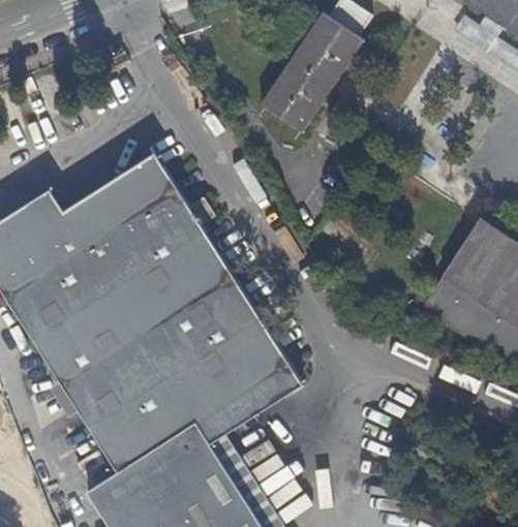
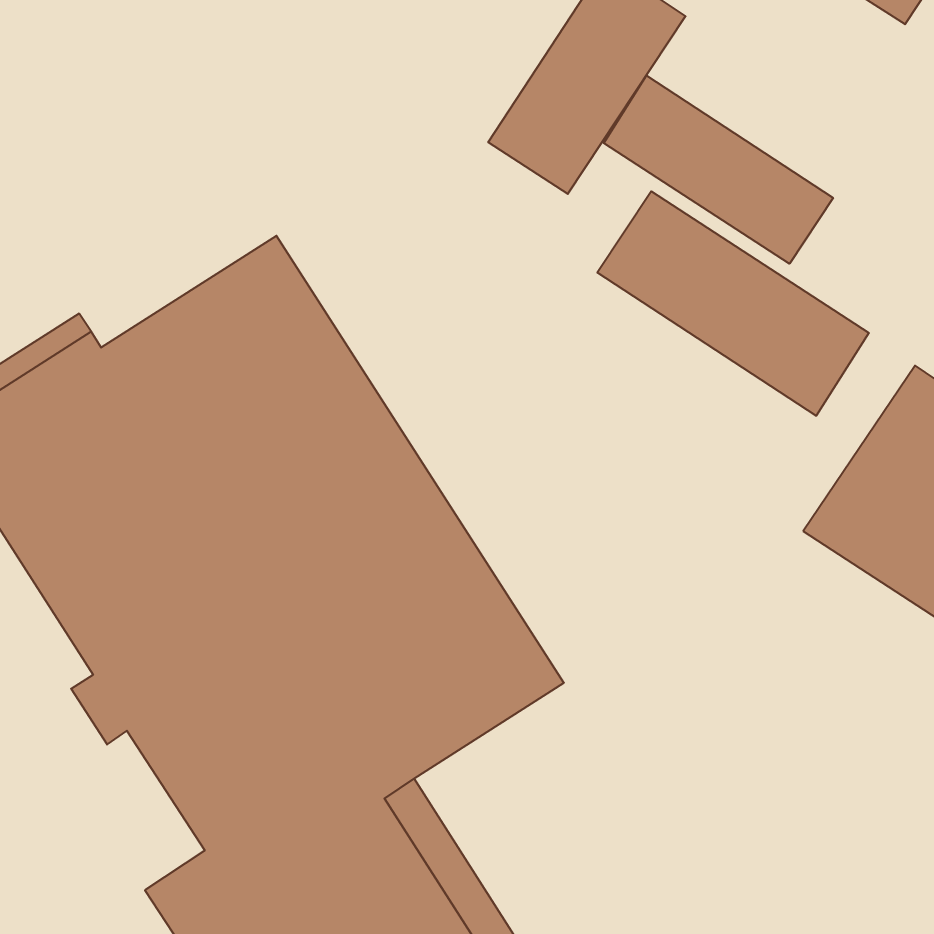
building: none -> [604,76,833,264]
building: none -> [597,191,869,416]

